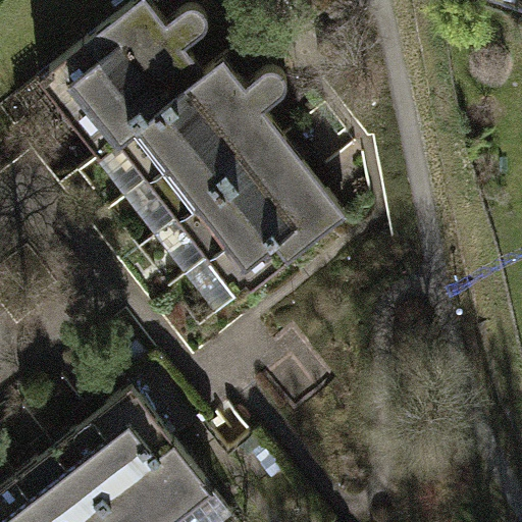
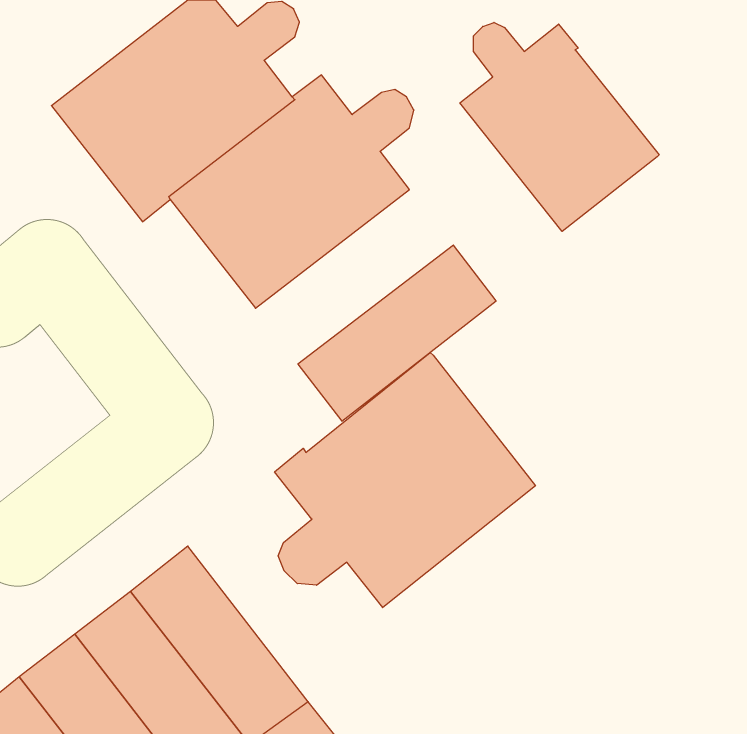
building: none -> [460,22,659,231]
building: [177,143,315,264] -> none
building: none -> [275,352,535,608]

